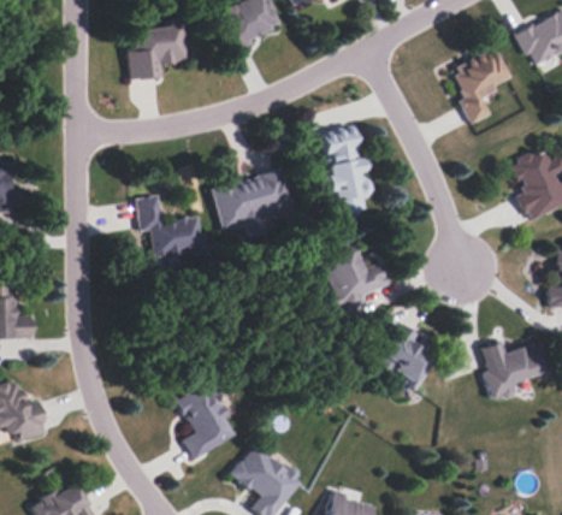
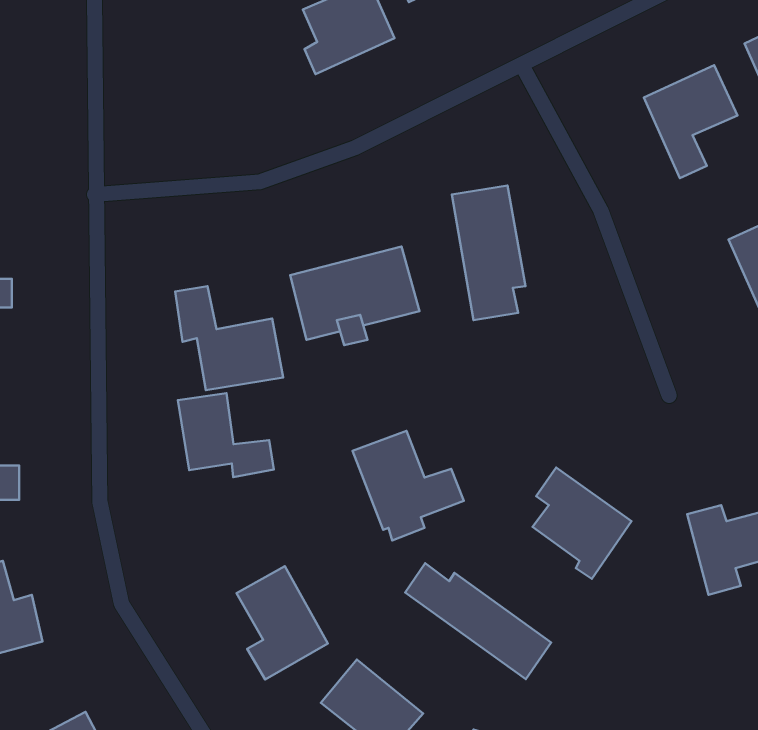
building: [129,19,187,81] -> none
building: [315,238,390,312] -> [353,431,464,541]
building: none -> [178,393,274,477]
building: none -> [405,563,551,679]

